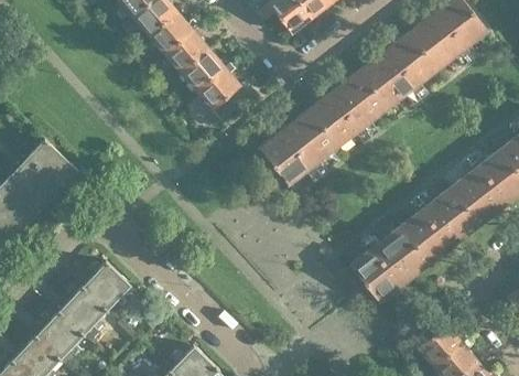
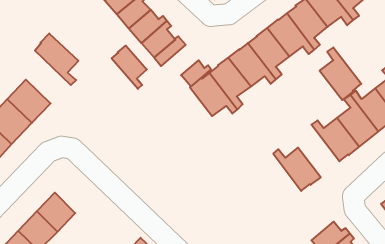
building: none -> [35,33,78,85]
building: none -> [112,46,147,89]
building: none -> [181,60,211,86]
building: [398,196,452,265] -> [320,47,361,100]
building: [348,234,402,302] -> none
building: [83,259,133,311] -> none

